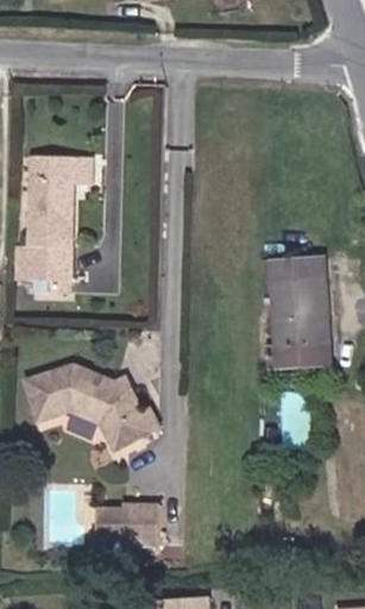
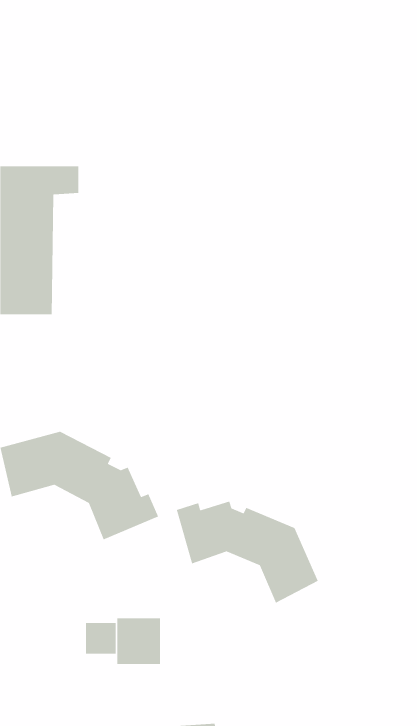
building: [265,268,329,376] -> none
building: none -> [176,501,319,604]

